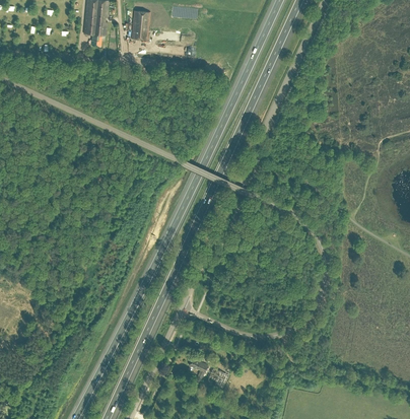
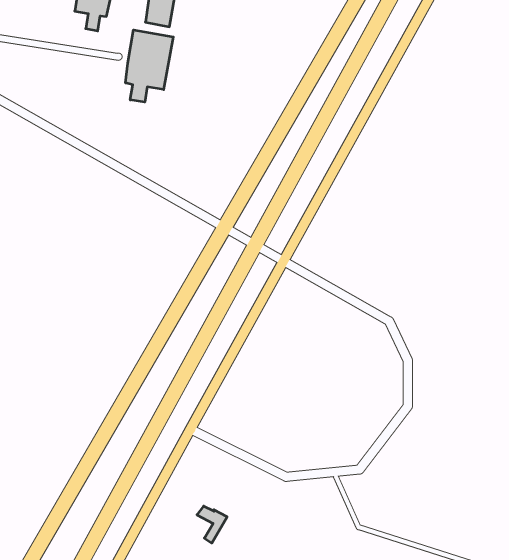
building: none -> [126,30,173,102]

